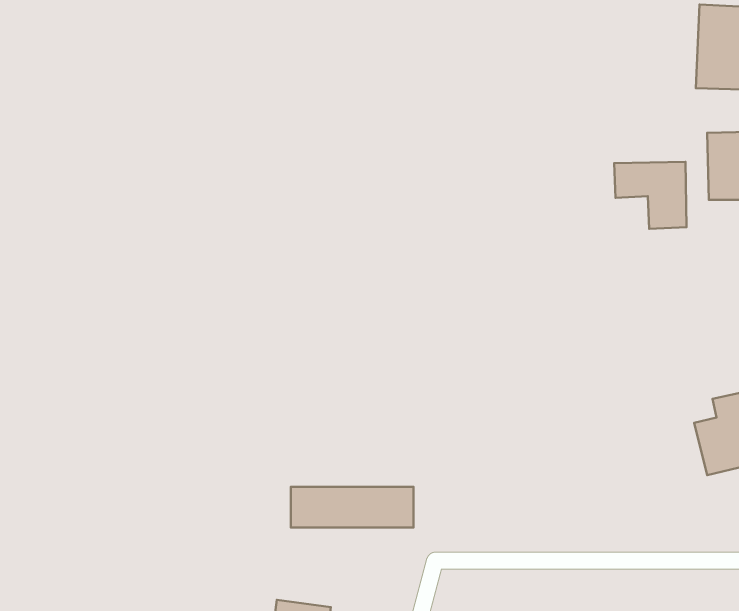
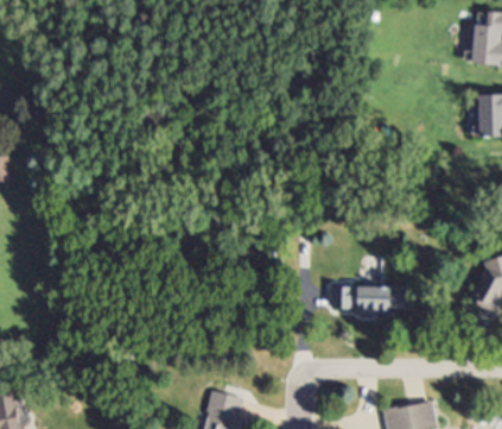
building: [614,162,686,229] -> none
building: [291,487,414,528] -> [329,286,407,313]

